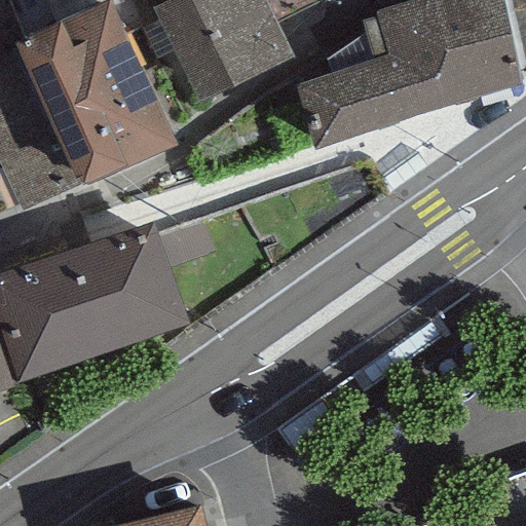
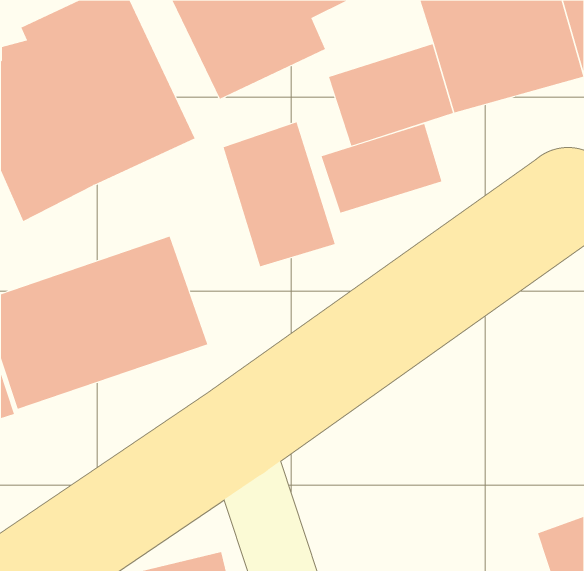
building: none -> [223,122,336,267]
building: none -> [321,123,442,214]

